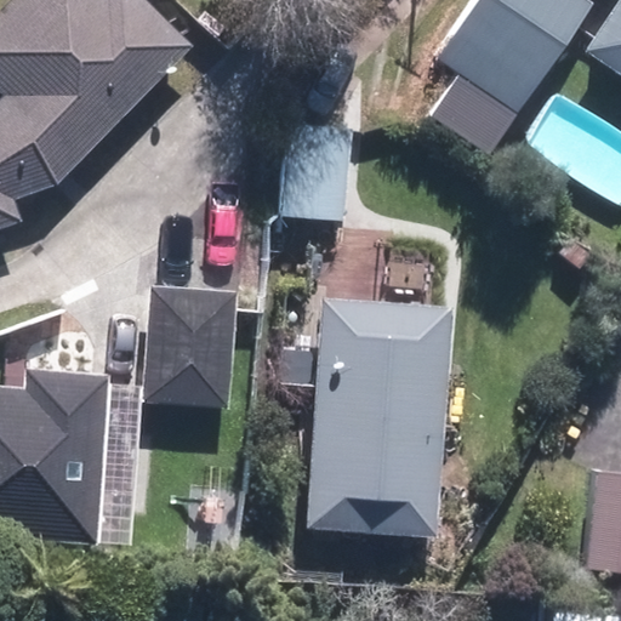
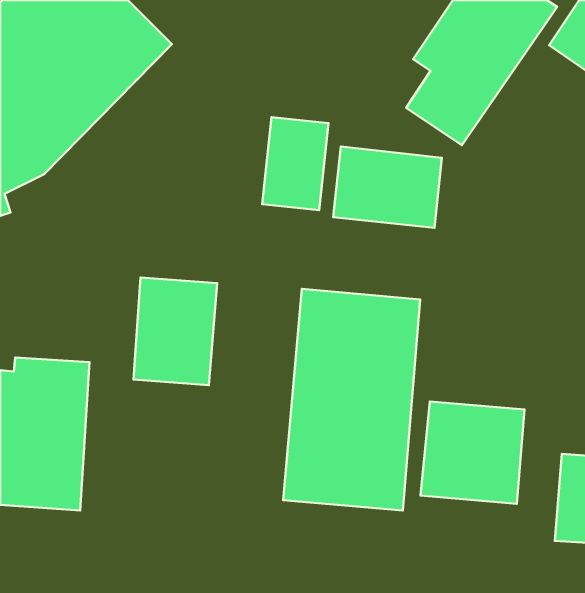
building: none -> [333,146,442,228]
building: none -> [420,401,525,504]

